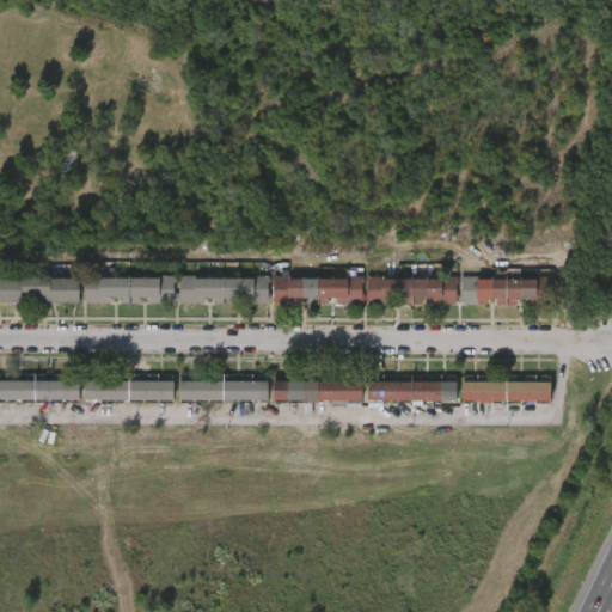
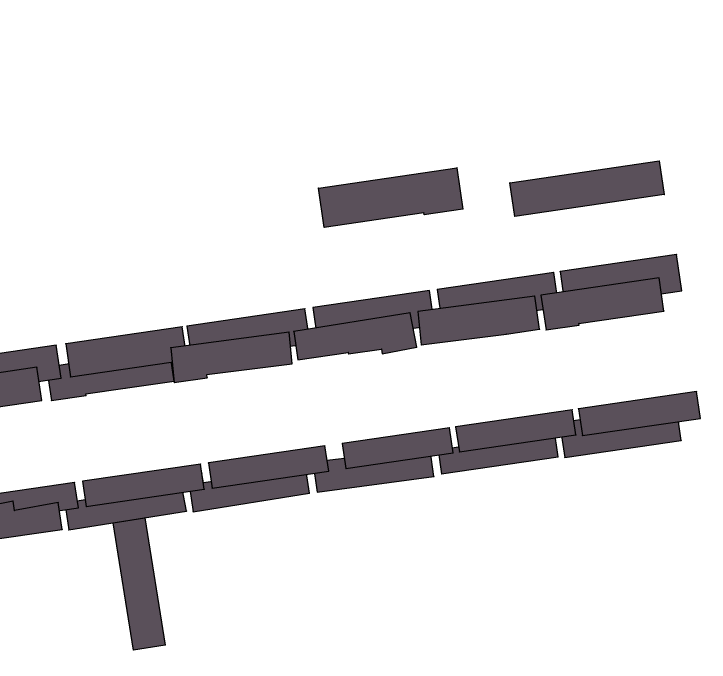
building: none -> [318,168,463,227]
building: none -> [510,161,664,216]
building: none -> [113,518,165,650]

